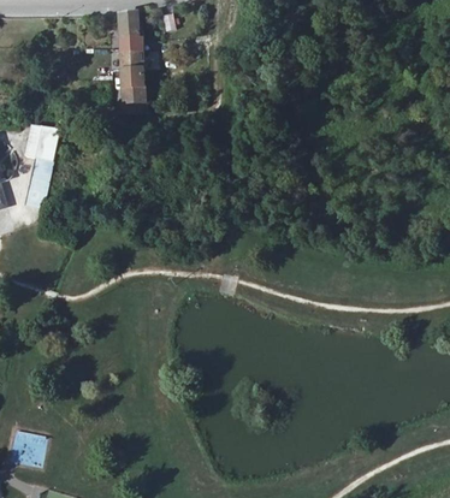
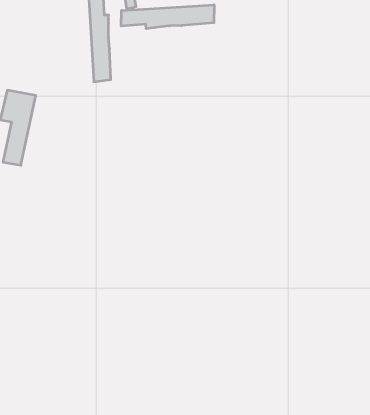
building: none -> [121,5,214,29]

